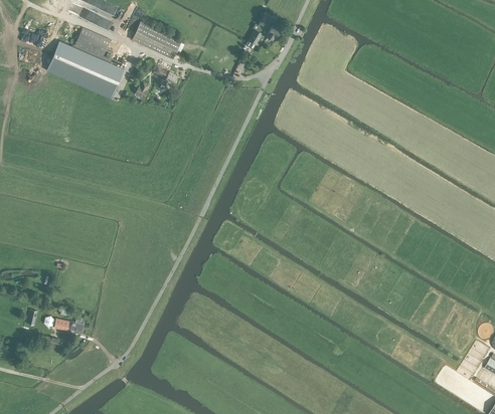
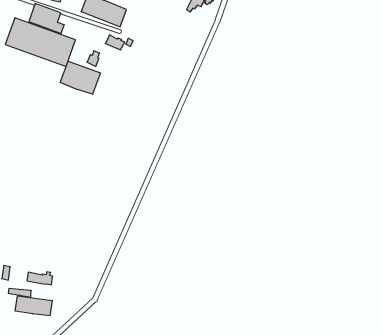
building: none -> [60,61,101,94]
building: none -> [15,296,52,316]

